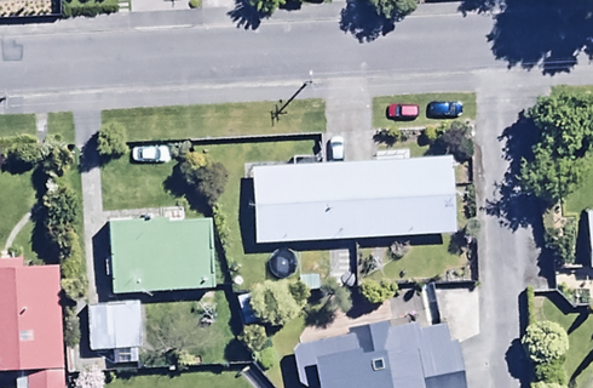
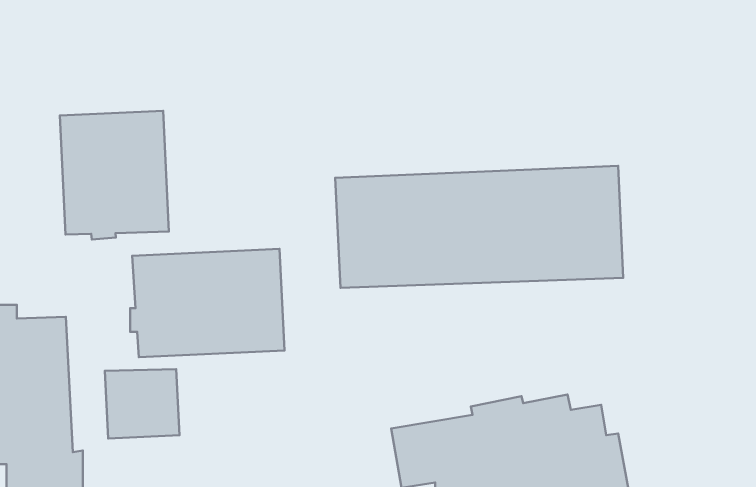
building: none -> [60,111,169,239]

